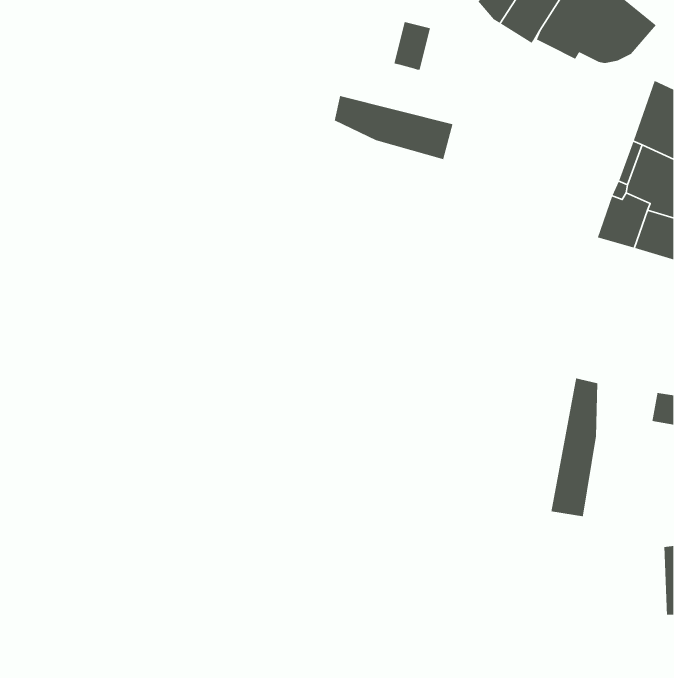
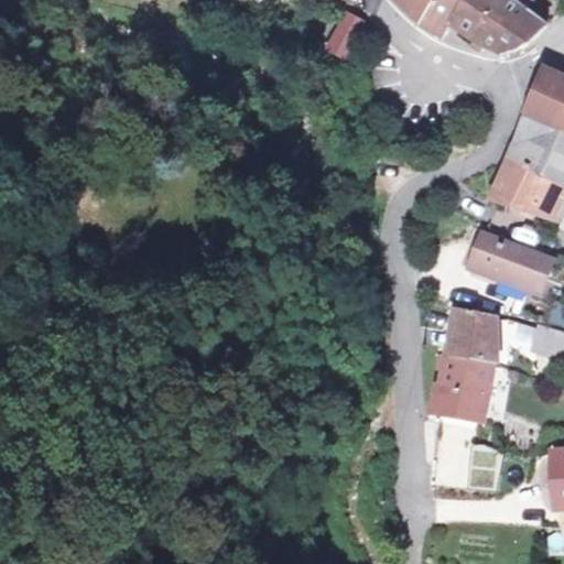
building: [334,95,454,160] -> none
building: none -> [474,230,549,290]
building: none -> [427,310,477,424]

